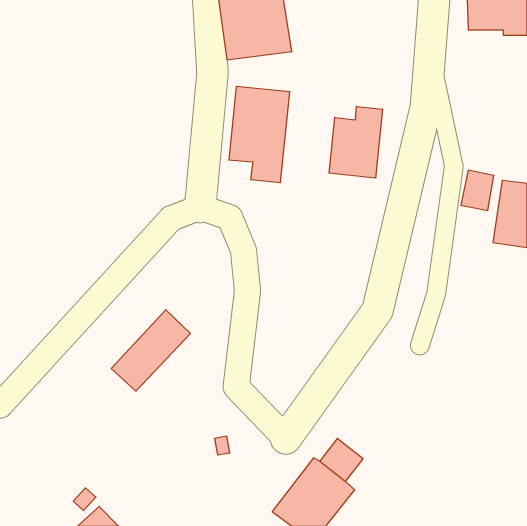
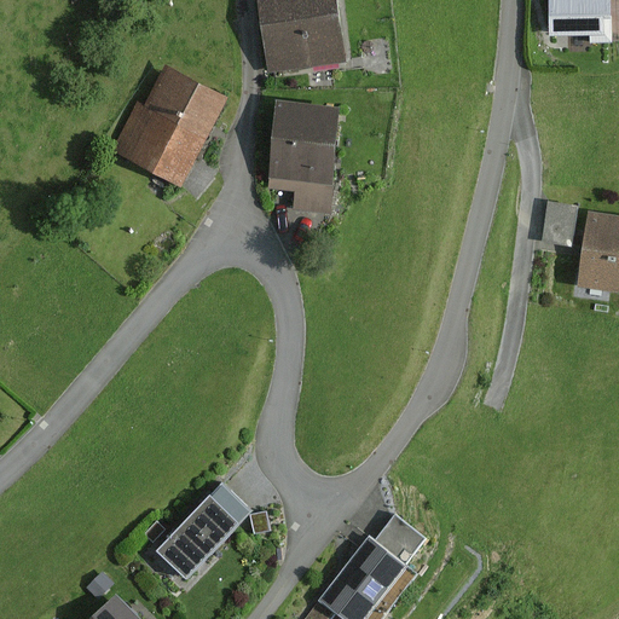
building: none -> [112,63,230,186]
building: [329,106,383,178] -> none
building: [111,310,191,391] -> [157,482,250,578]

